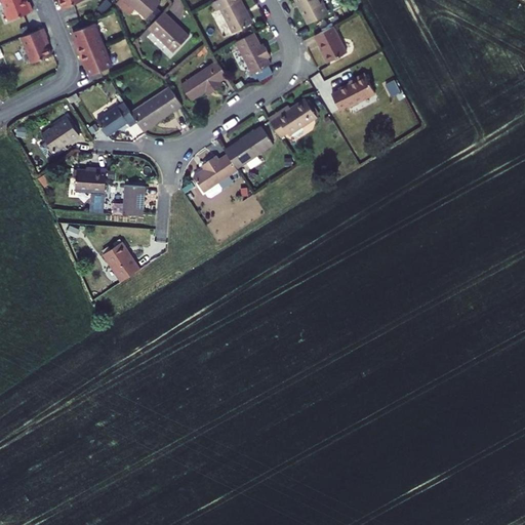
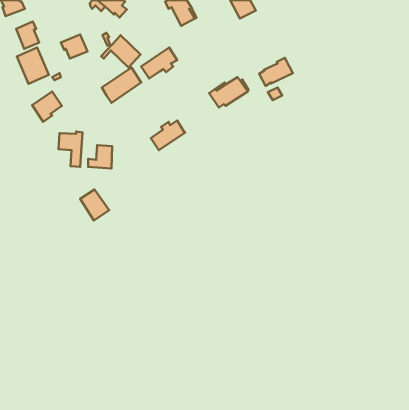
building: [138,11,189,52] -> [101,35,141,67]
building: [72,23,103,54] -> none
building: [314,27,346,62] -> none
building: [235,33,270,74] -> none
building: none -> [17,47,49,84]
building: [95,102,136,135] -> none
building: [224,126,273,169] -> none

